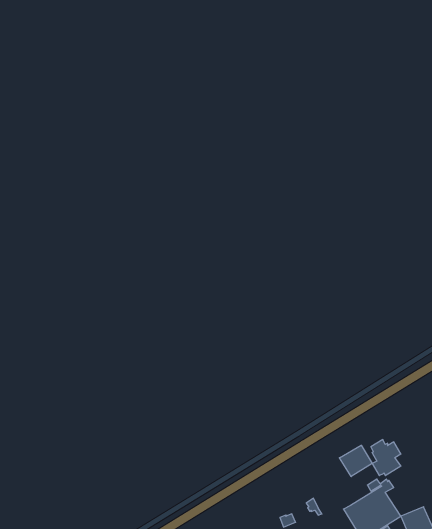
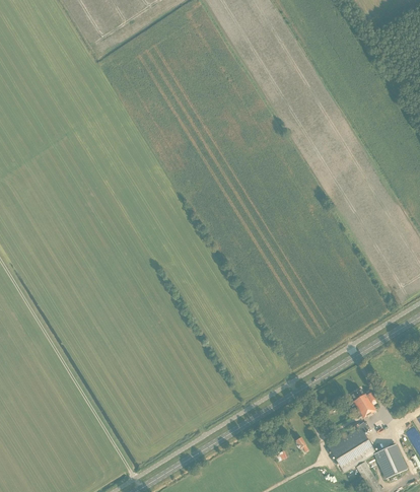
building: [339,445,372,477] -> none

